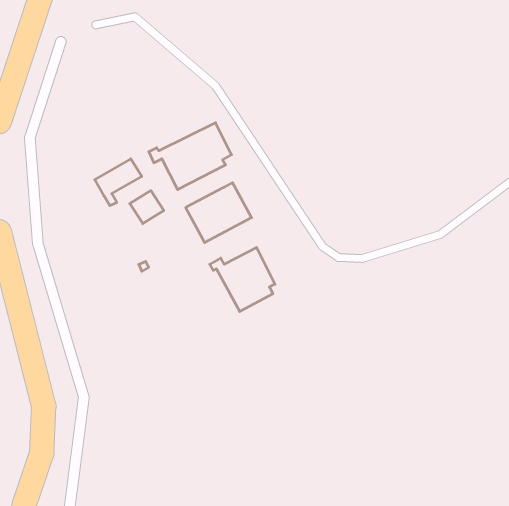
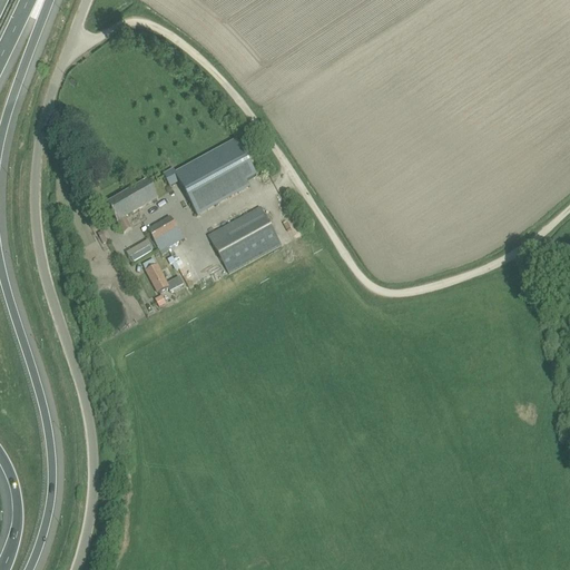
building: none -> [142,257,183,289]
building: [210,247,275,312] -> none

